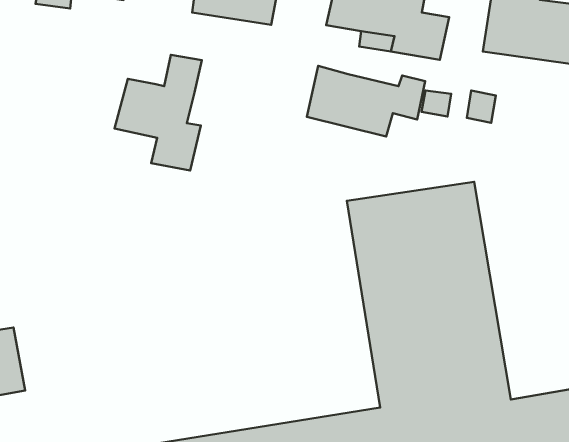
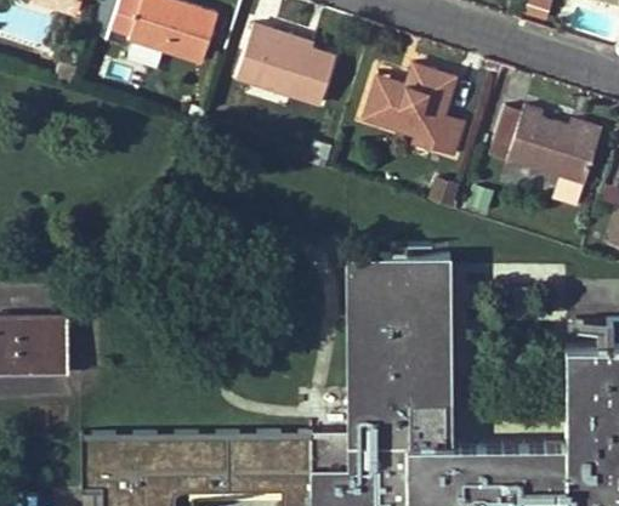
building: [114,55,202,170] -> none
building: [307,66,425,137] -> none

